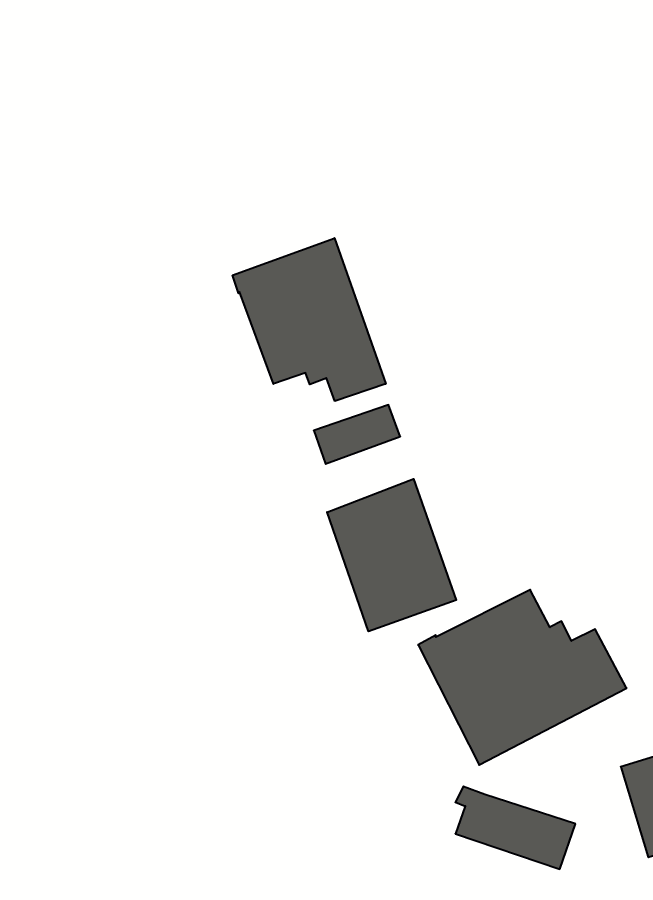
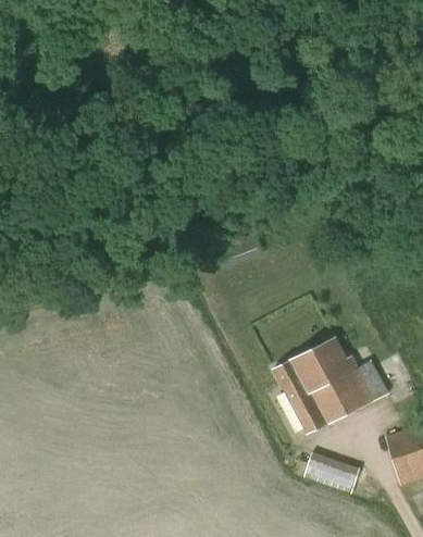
building: [233,238,386,401] -> none
building: [327,479,456,631] -> none

